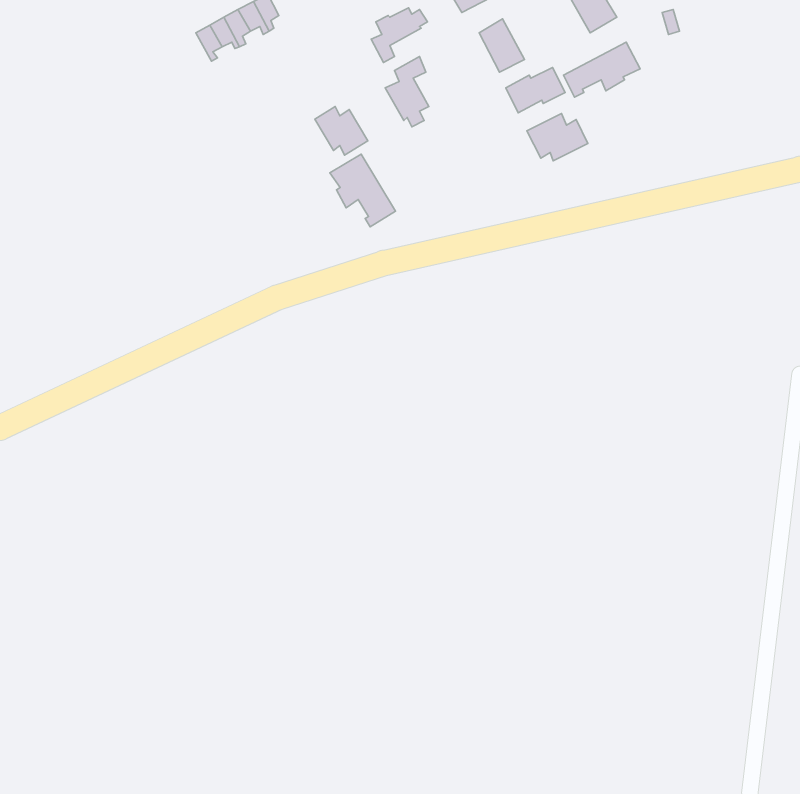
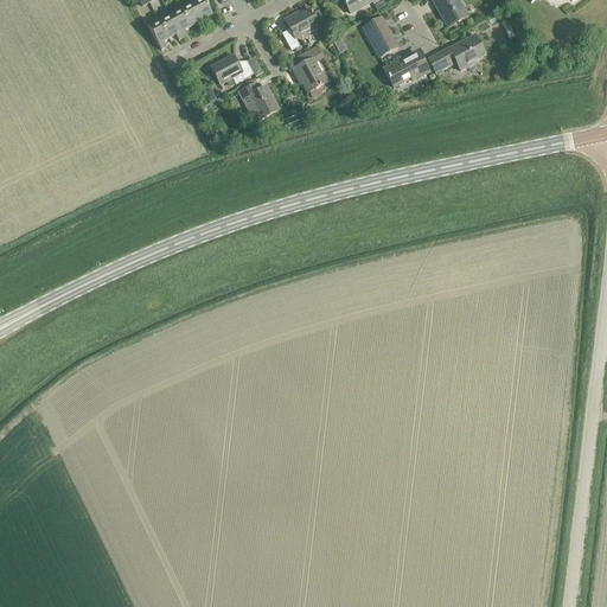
building: none -> [210,53,254,82]
building: [527,114,588,161] -> none
building: [330,154,395,227] -> none

